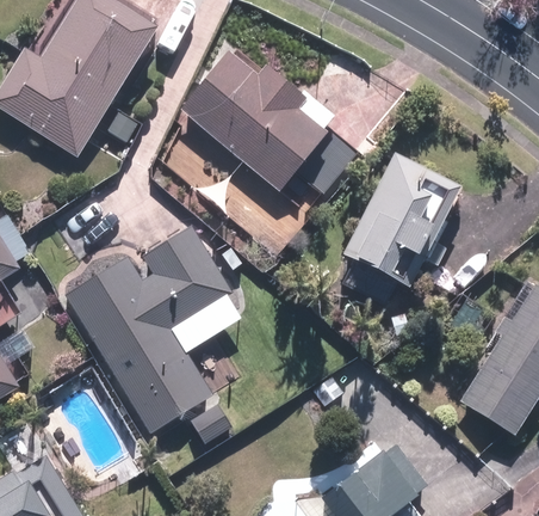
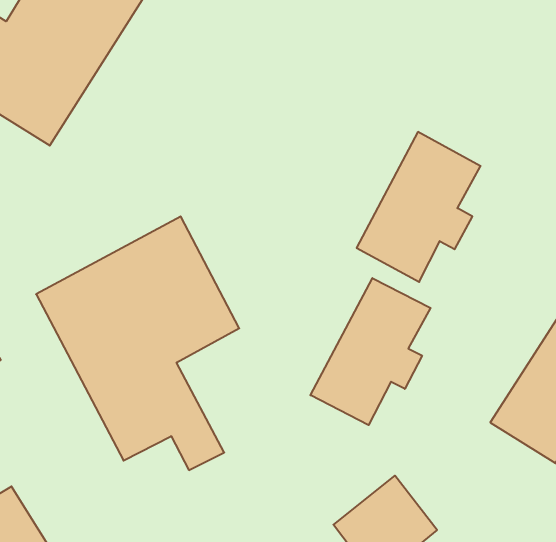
building: [182,49,357,215] -> none
building: none -> [310,278,431,425]

